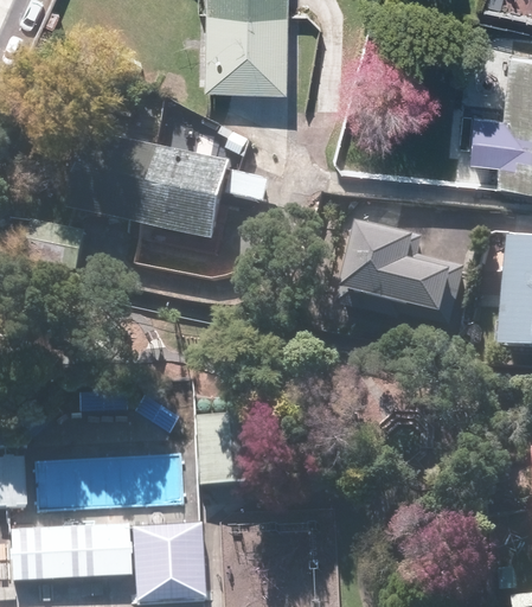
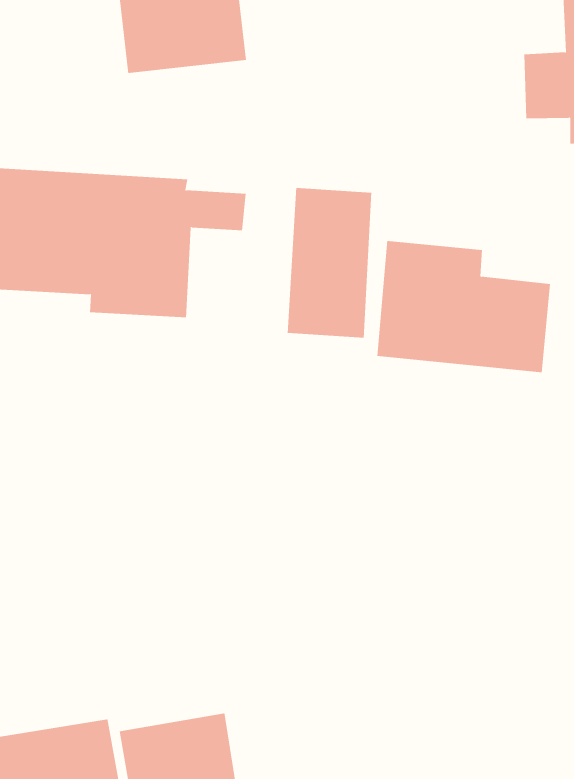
building: none -> [287,187,372,338]

